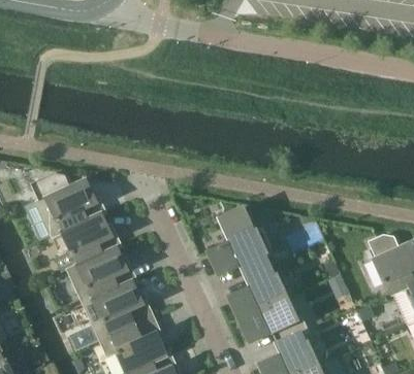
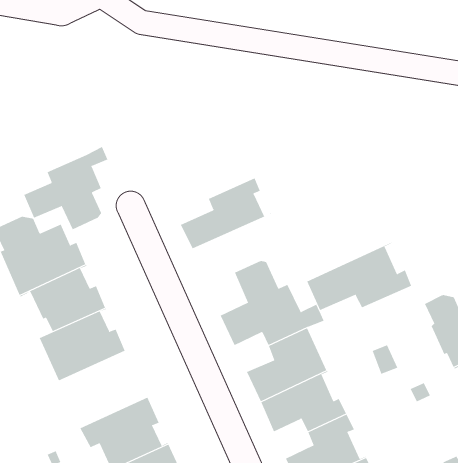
building: none -> [24,146,108,230]
building: none -> [180,177,272,249]
building: none -> [307,242,412,311]
building: [83,280,153,341] -> none

